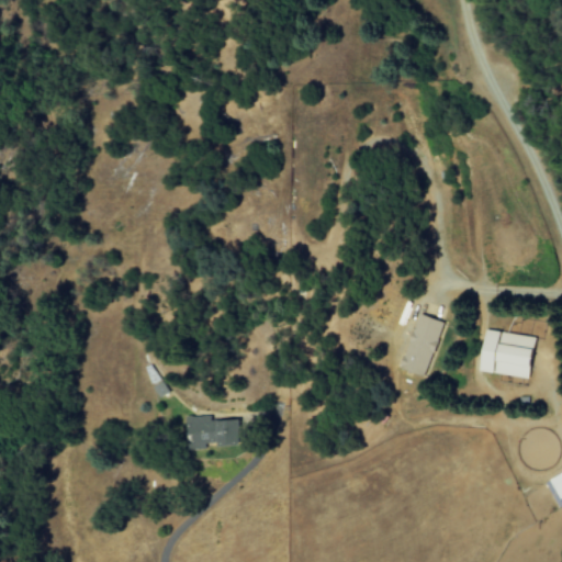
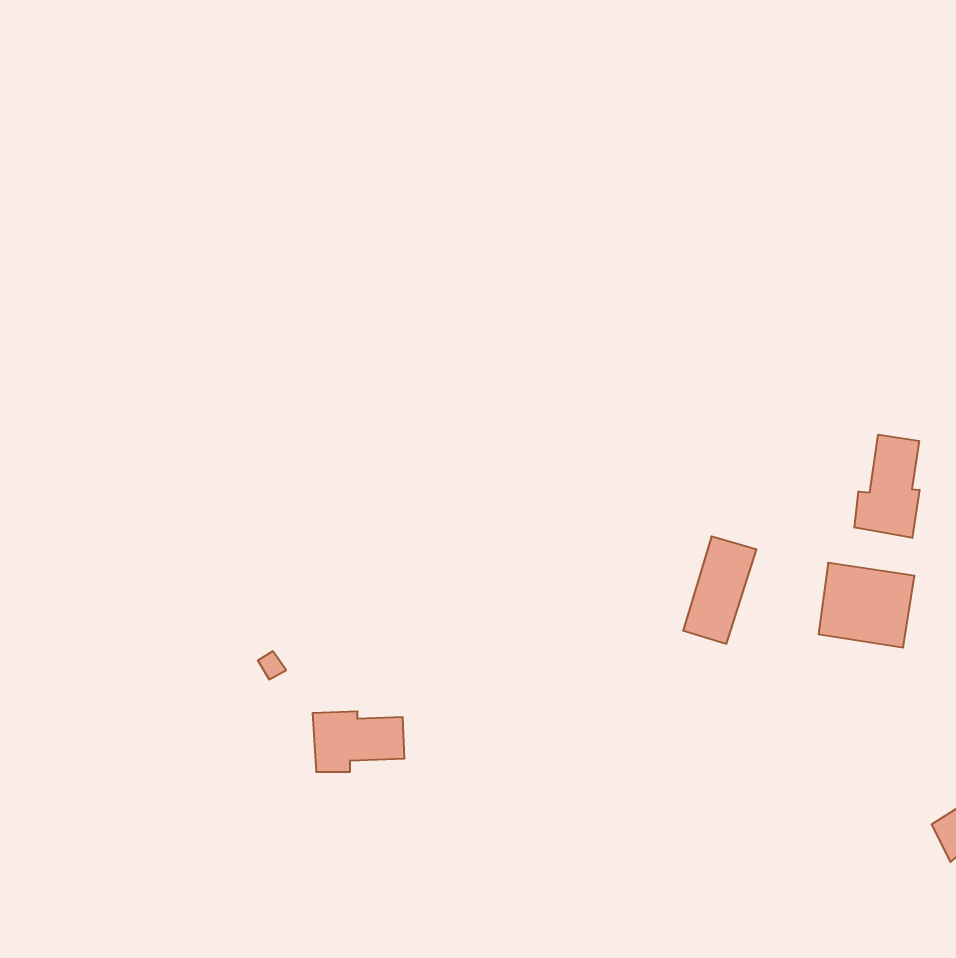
building: none -> [854,435,920,538]

